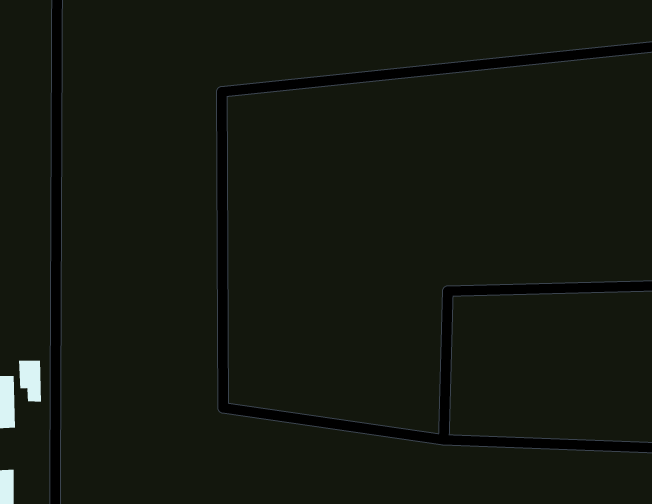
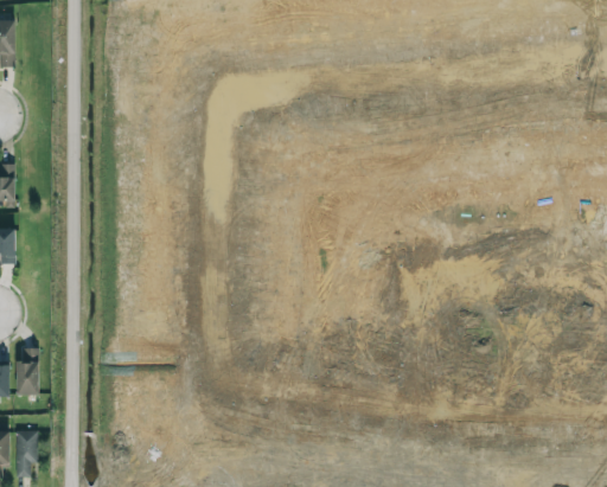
building: [18,360,42,402] -> none

